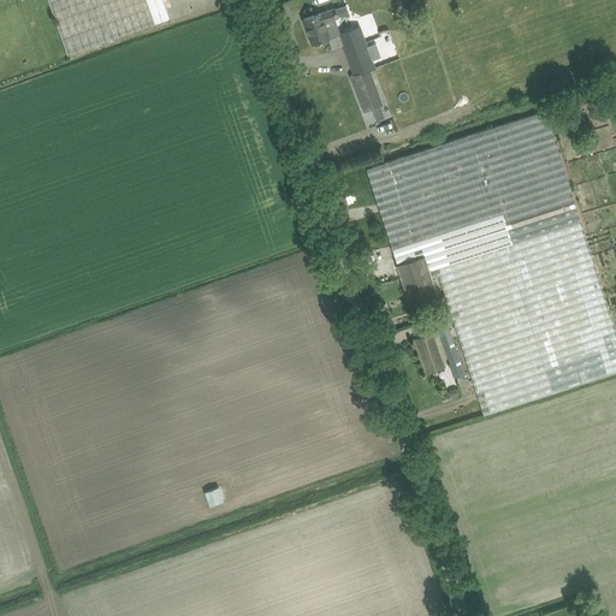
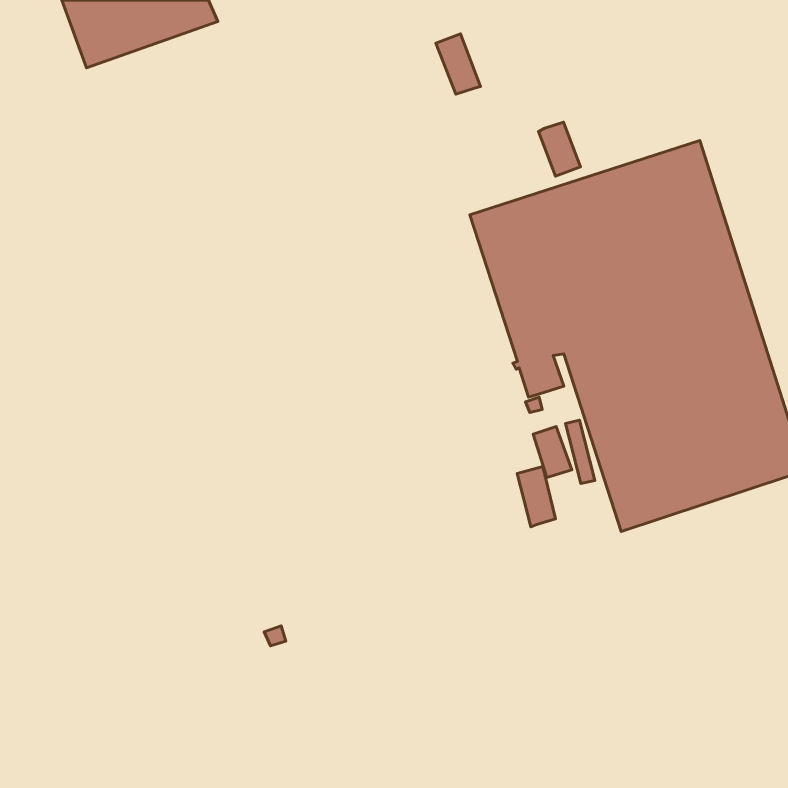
building: [304,10,340,45] -> none
building: [351,70,384,112] -> [539,122,580,176]
building: none -> [517,467,556,527]

